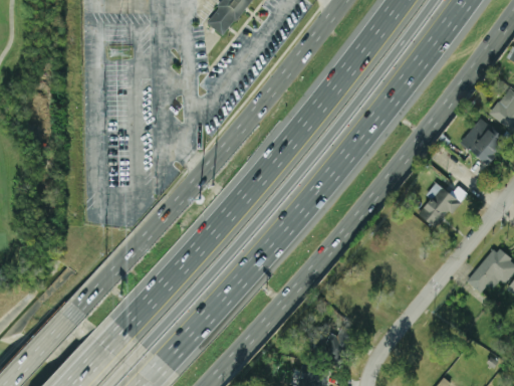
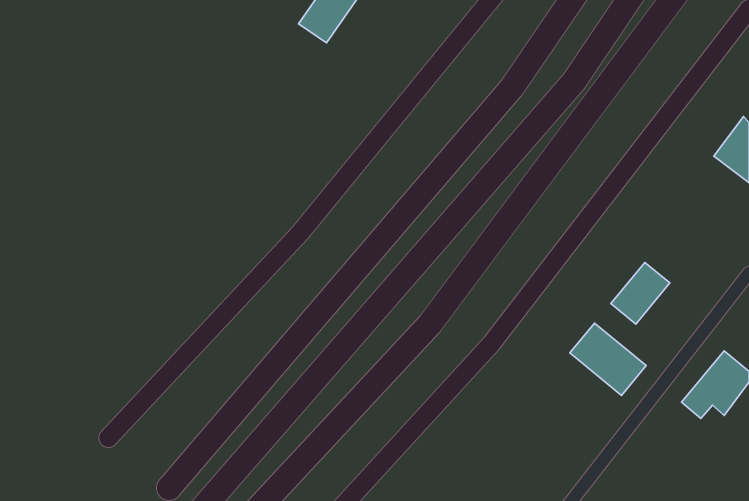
building: [460,119,507,164] -> none
building: none -> [570,323,646,395]

